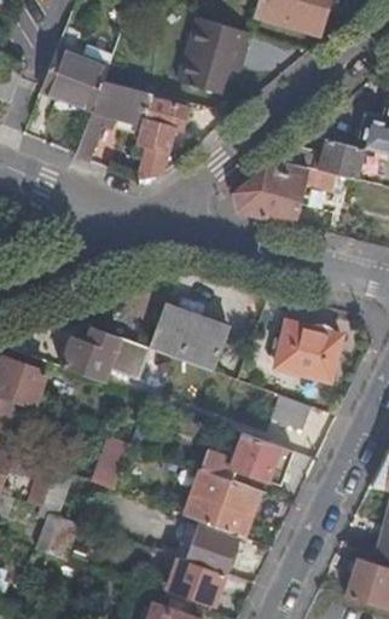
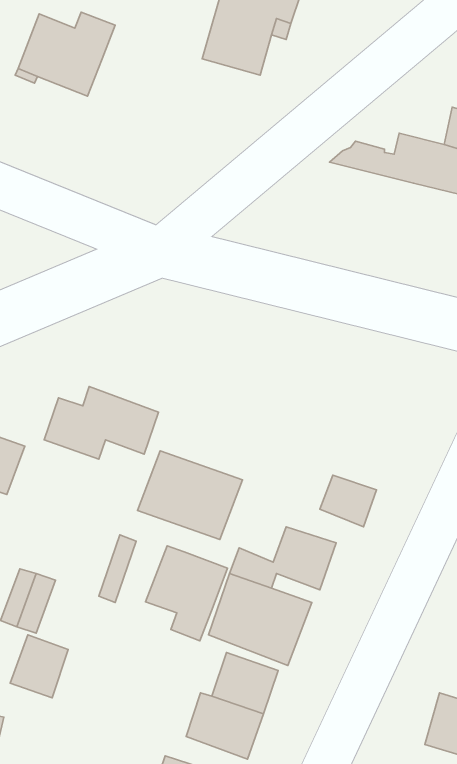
building: [76,82,187,178] -> none
building: [234,160,337,225] -> none
building: [150,303,228,370] -> [138,451,242,540]
building: [274,322,339,380] -> none
building: none -> [146,546,228,641]

